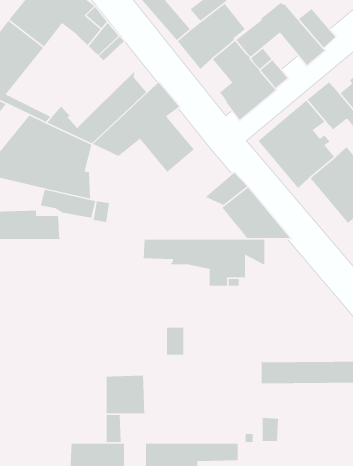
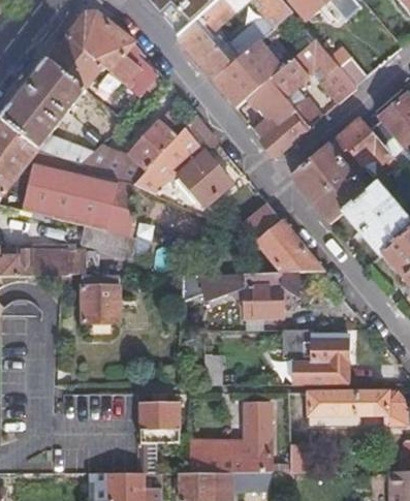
building: none -> [81,272,118,319]
building: none -> [282,328,346,383]
building: none -> [193,402,276,469]

